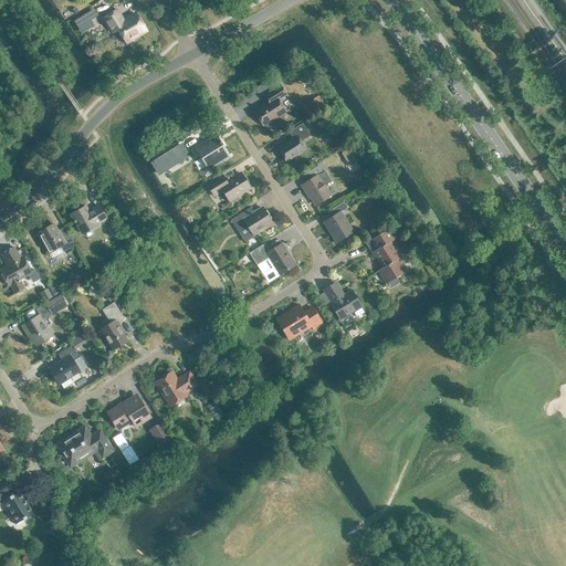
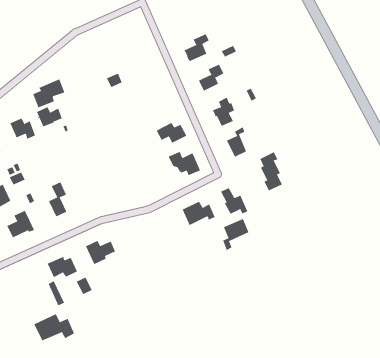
building: [190,135,228,168] -> none
building: none -> [32,78,65,108]
building: [207,172,250,201] -> none
building: none -> [223,218,249,251]
building: [56,427,112,465] -> [34,313,75,341]

